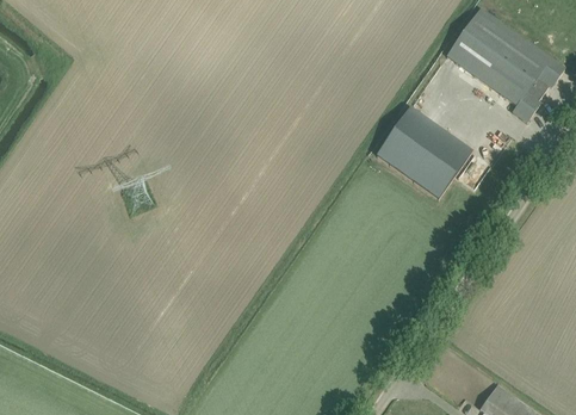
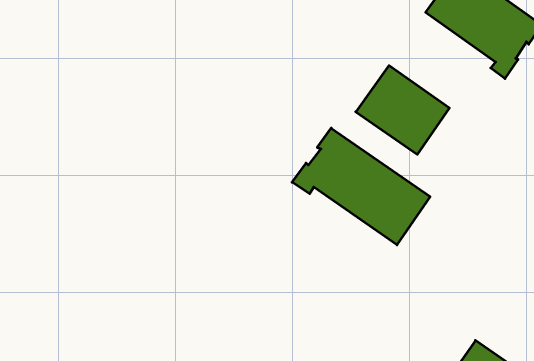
building: none -> [292,128,430,245]

